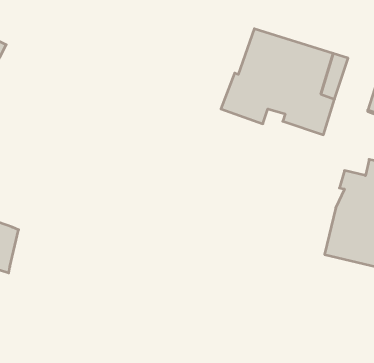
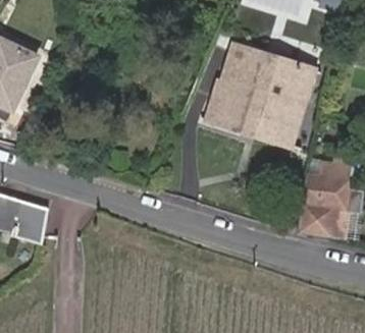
building: none -> [204,110,291,145]

